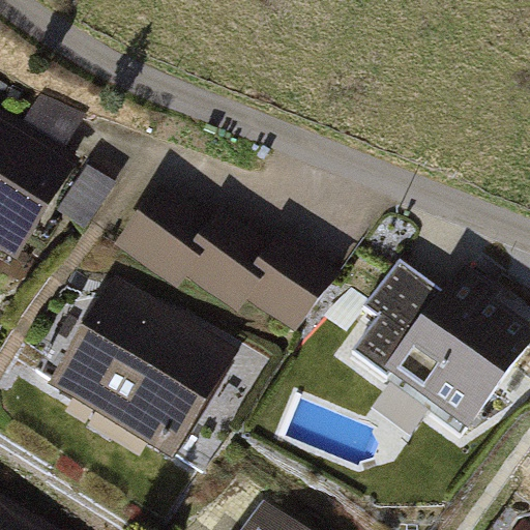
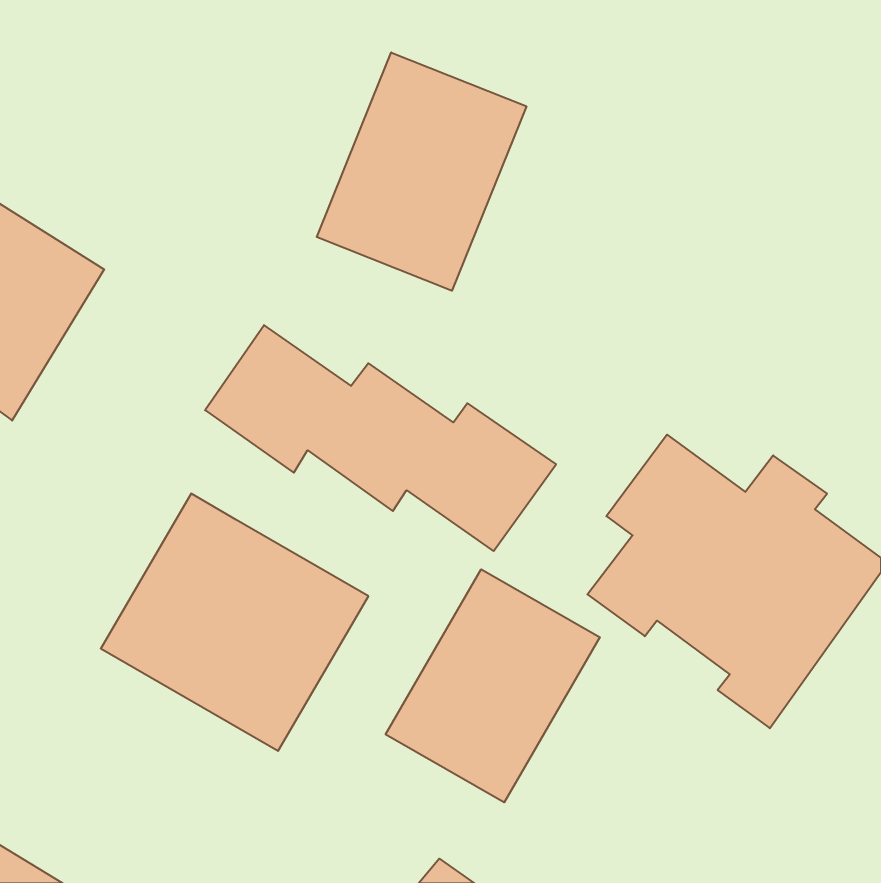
building: none -> [317,52,526,291]
building: none -> [386,569,600,802]

